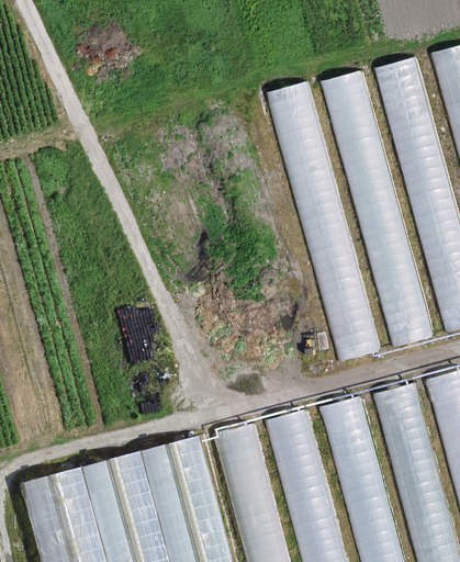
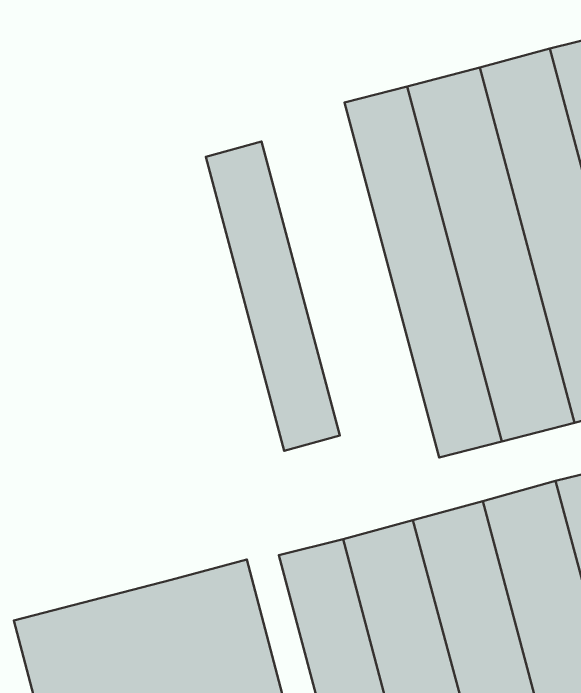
building: none -> [206,141,340,451]

